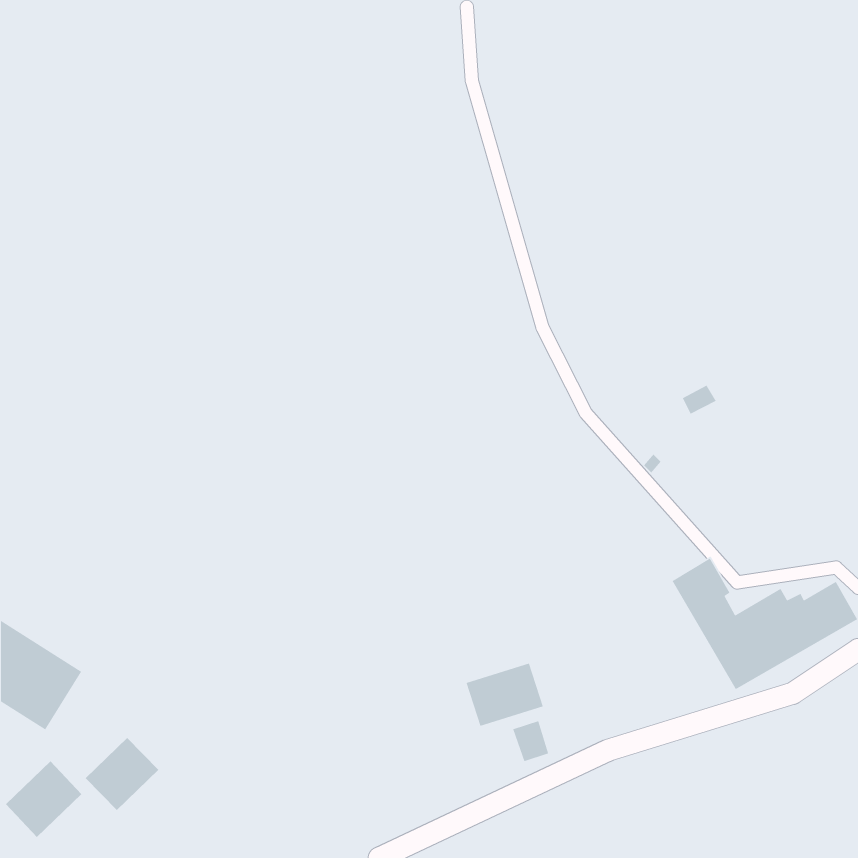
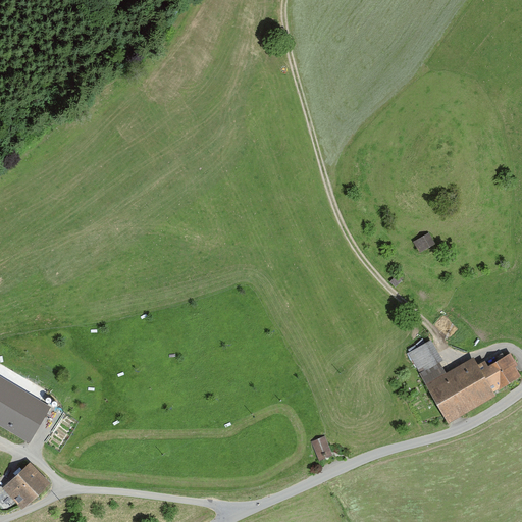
building: [466,662,544,727] -> none
building: [85,737,159,811] -> none

